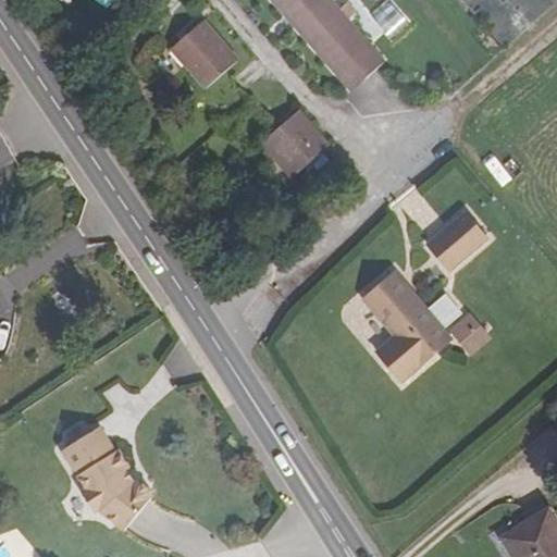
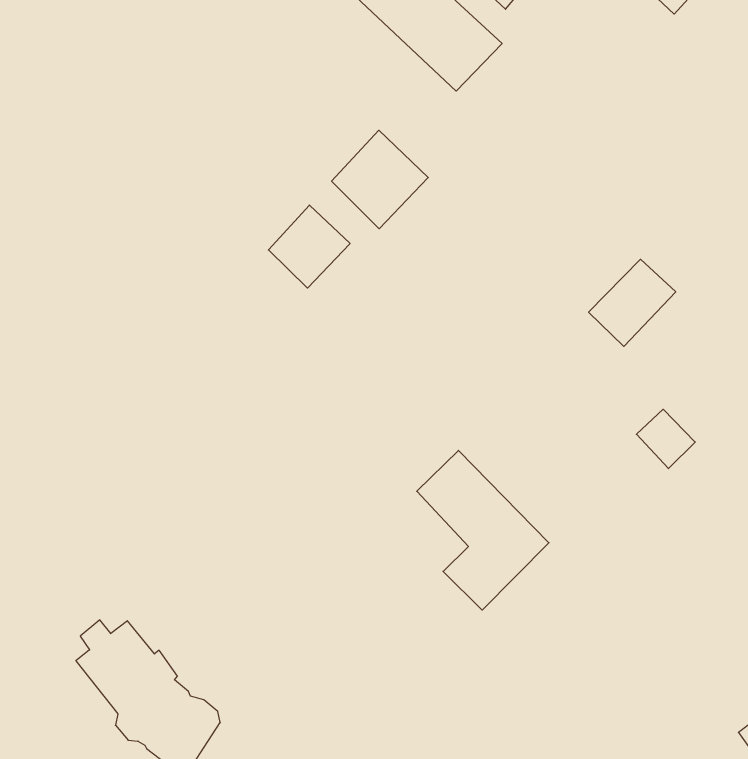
building: [169,20,236,87] -> none
building: none -> [268,205,350,288]
building: [363,271,449,380] -> [417,450,549,610]

